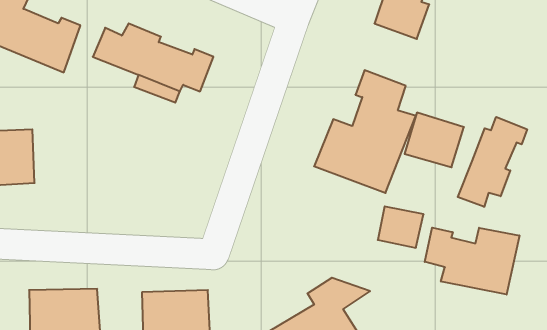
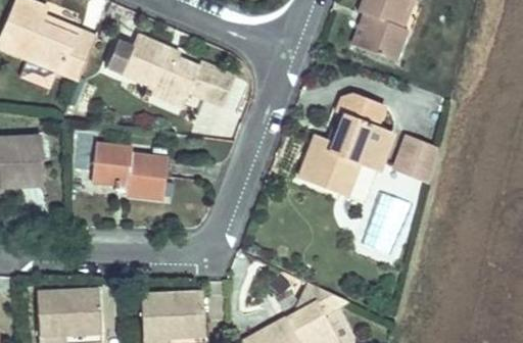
building: [458,117,527,207] -> none
building: none -> [91,140,170,194]
building: [425,228,519,295] -> none

